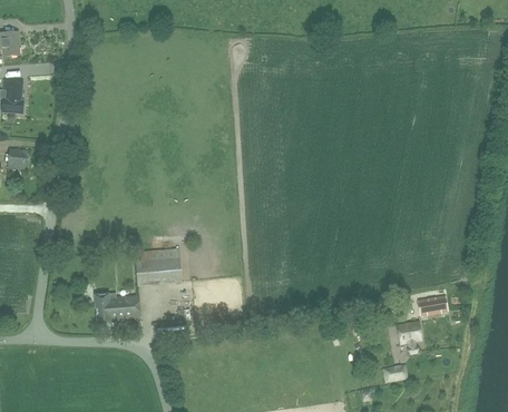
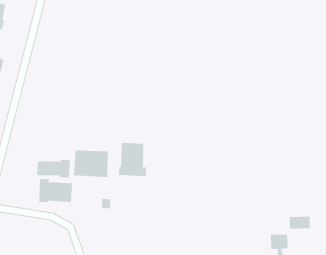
building: none -> [118,142,147,177]
building: none -> [37,159,70,178]

